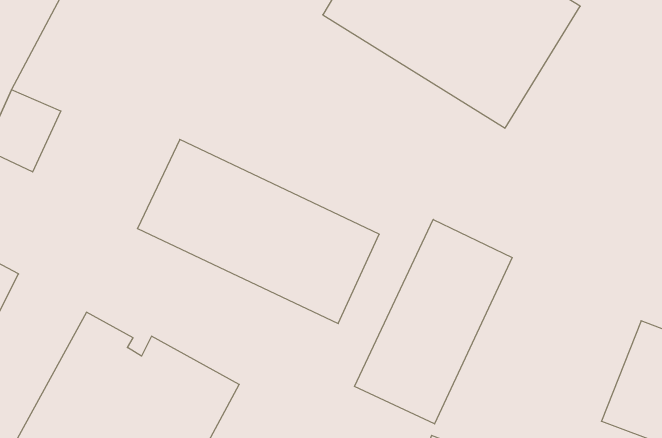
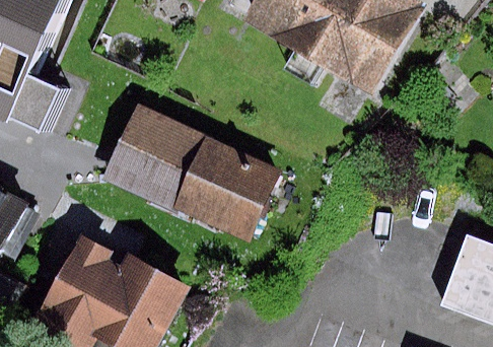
building: [355,219,512,424] -> none

